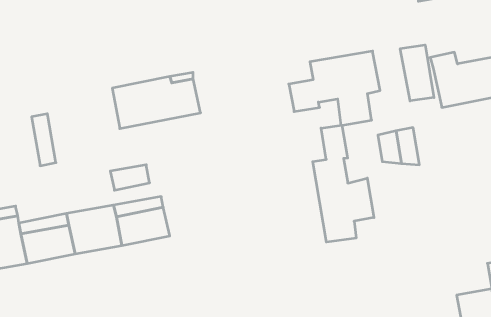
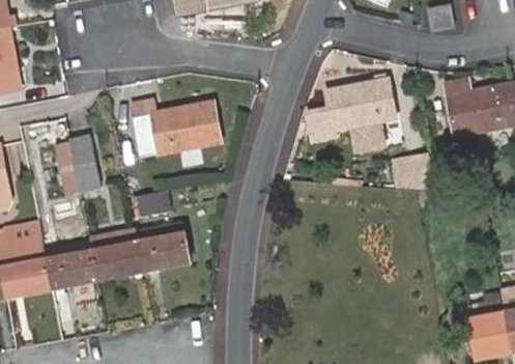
building: [400,45,434,101] -> none
building: none -> [70,138,99,190]
building: [313,125,374,242] -> none

